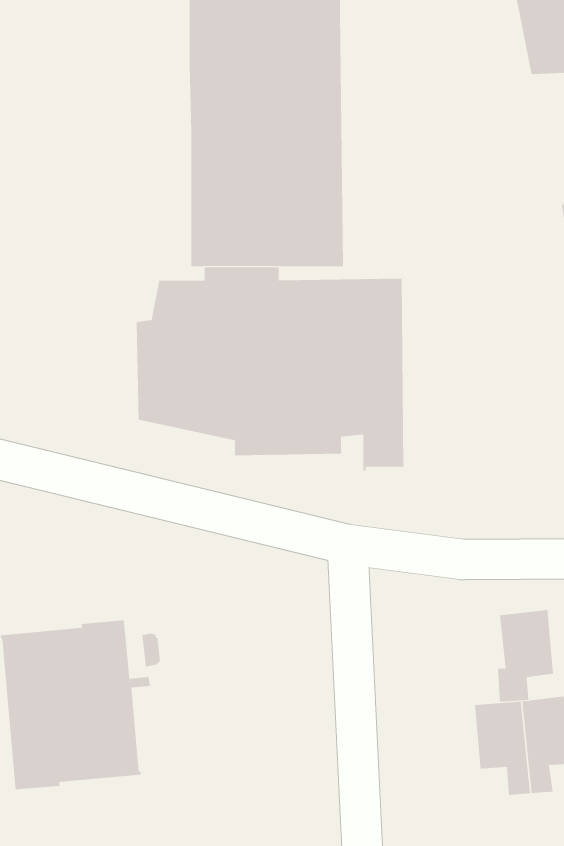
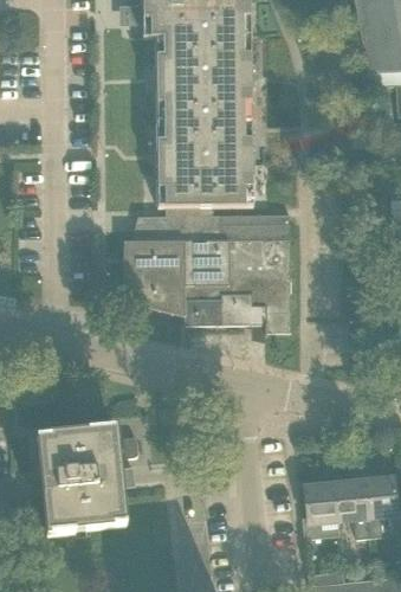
building: [497,610,554,702] -> [302,480,337,538]

